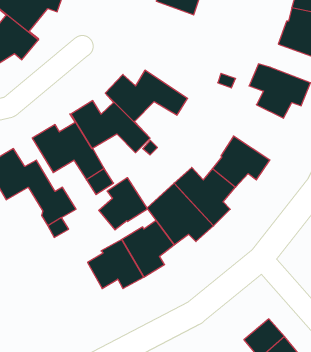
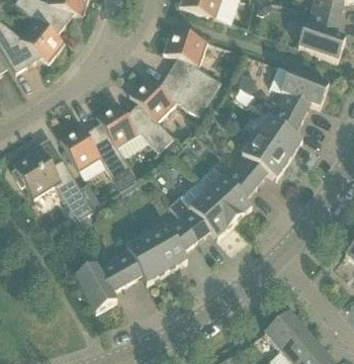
building: none -> [162,27,220,98]
building: none -> [254,104,302,158]
building: [99,178,148,230] -> none
building: none -> [75,257,126,311]

